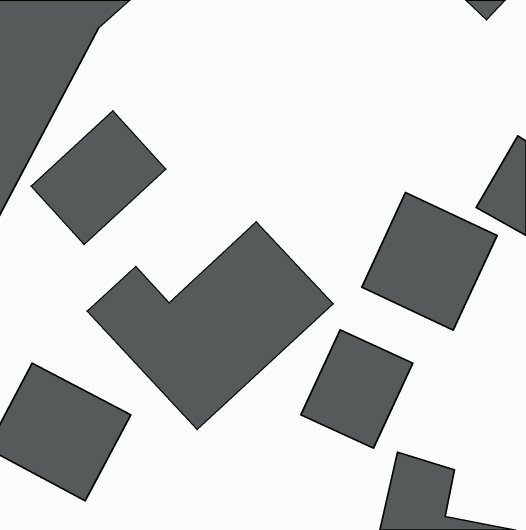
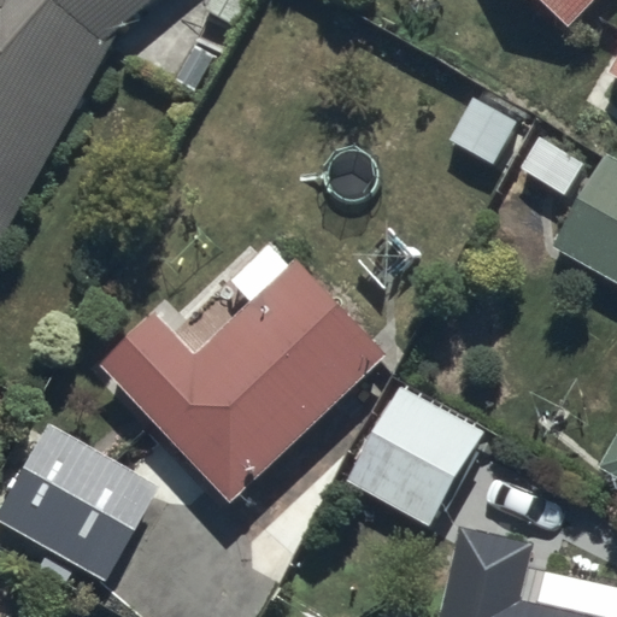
building: [31,111,166,244] -> none
building: [362,193,497,330] -> none

